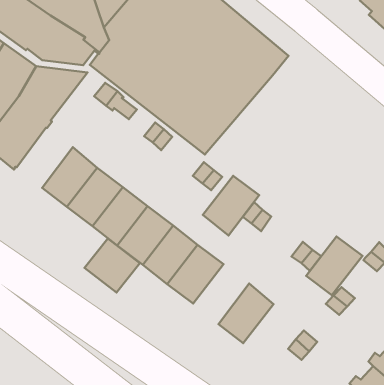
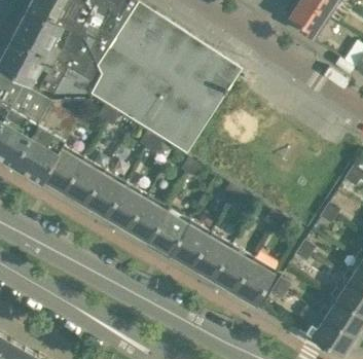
building: none -> [42,148,83,194]
building: [203,176,259,236] -> [190,236,231,282]
building: [306,237,362,295] -> [232,261,274,307]
building: [85,238,140,293] -> none

